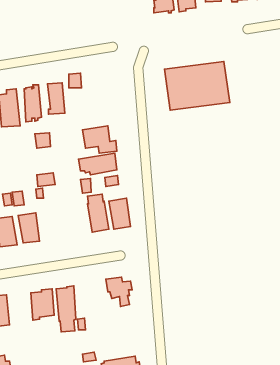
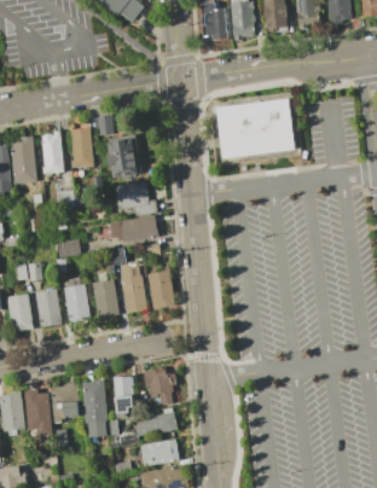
building: none -> [108,134,141,178]
building: none -> [92,279,120,318]
building: none -> [65,284,91,321]
building: none -> [112,374,135,417]
building: none -> [25,390,51,434]
building: none -> [135,407,176,436]
building: none -> [140,440,179,465]

